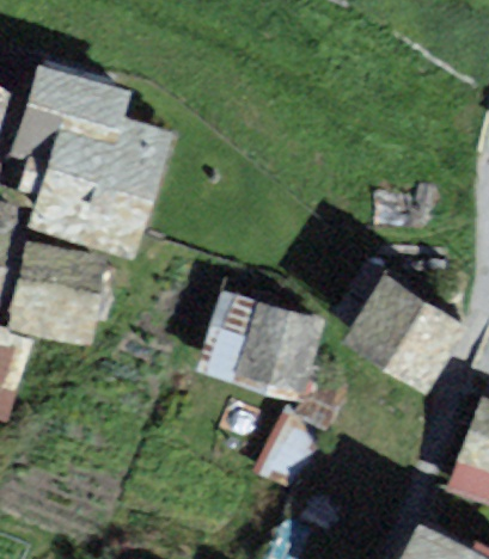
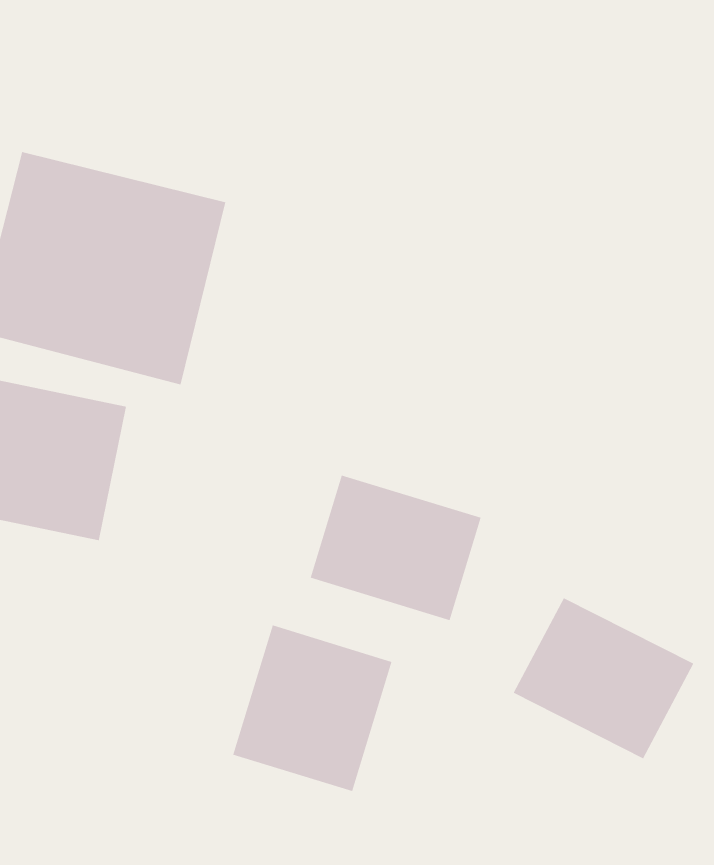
building: [341,280,452,379] -> [513,597,694,759]
building: none -> [233,625,392,792]

